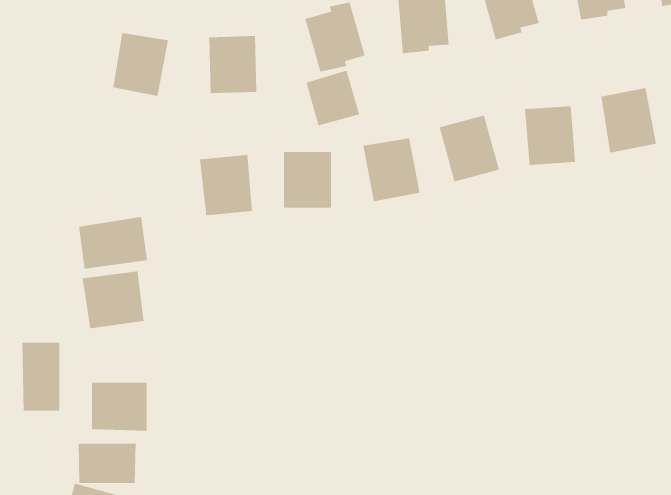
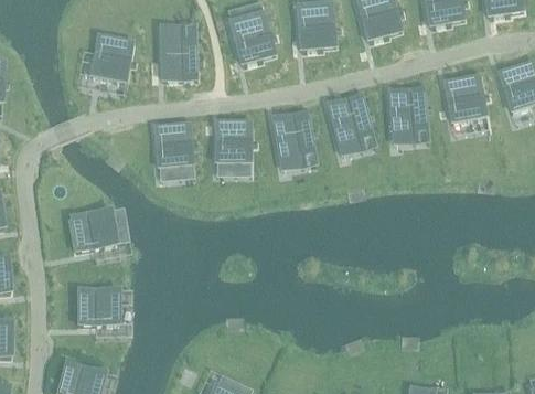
building: [306,70,360,126] -> none
building: [78,216,148,269] -> none
building: [22,342,60,412] -> none
building: [78,443,136,484] -> none

